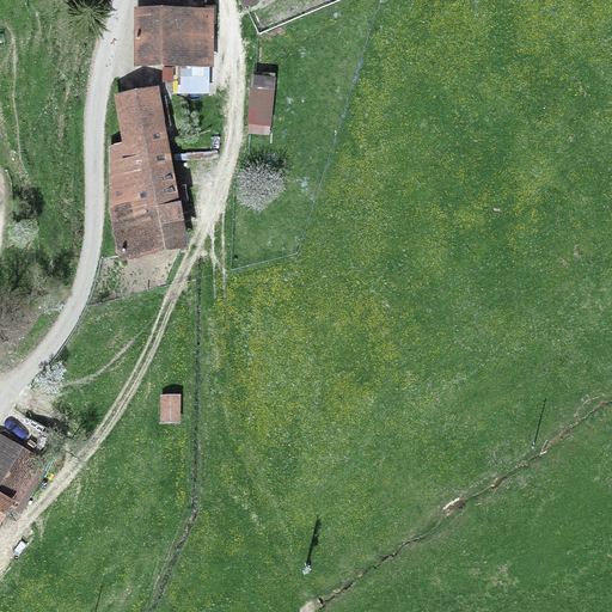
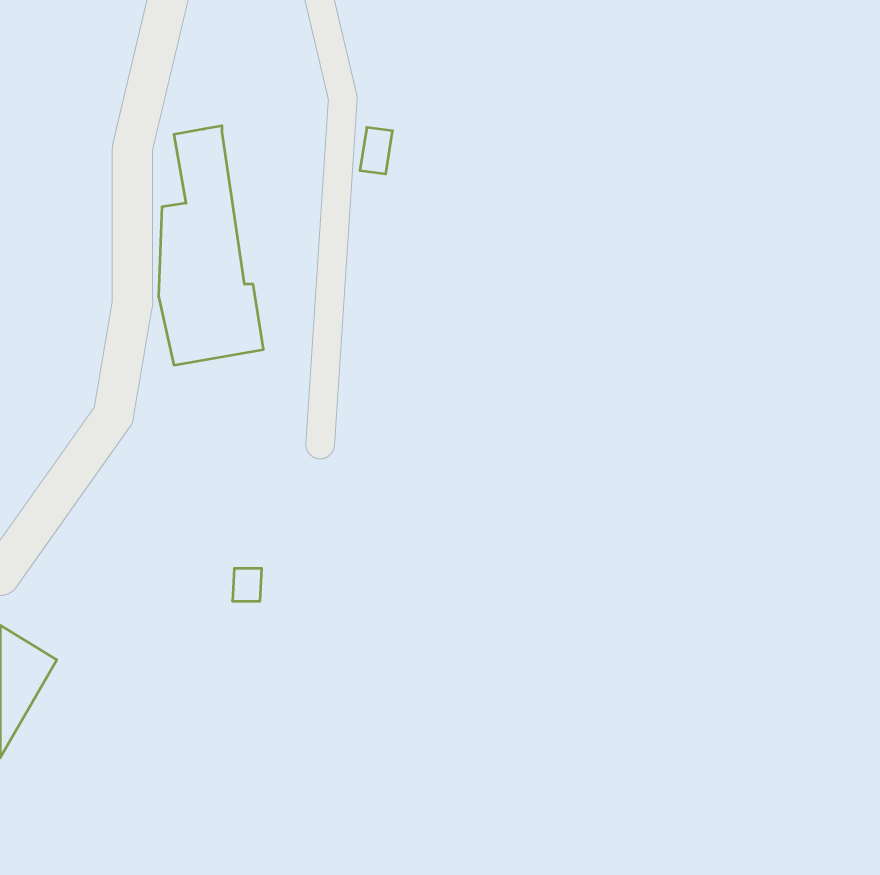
building: [139,7,208,92] -> none

